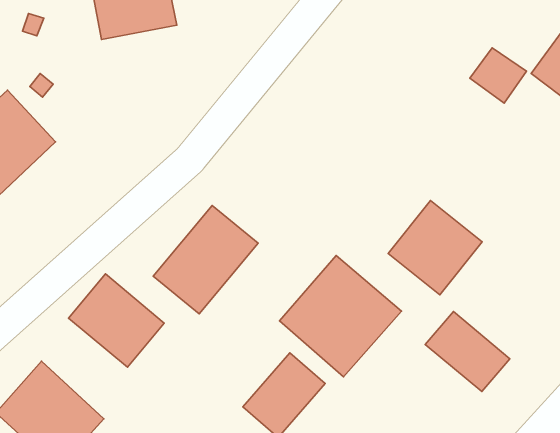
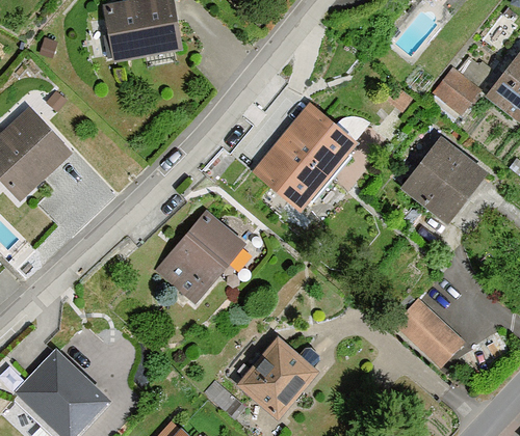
building: none -> [249,105,350,212]
building: [388,201,482,295] -> [399,140,483,223]
building: [279,256,402,377] -> none
building: [69,274,164,367] -> none

